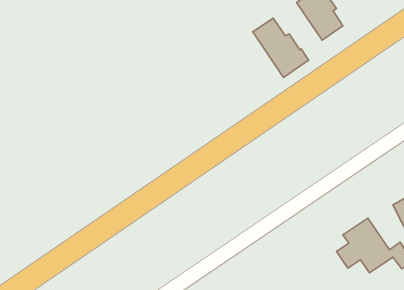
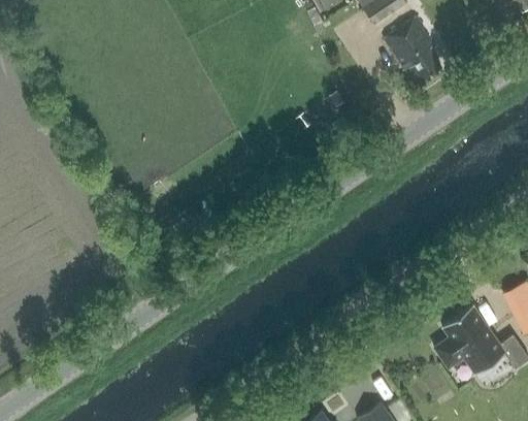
building: [253,18,309,77] -> none

